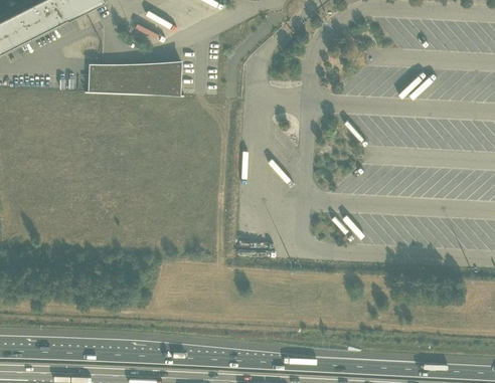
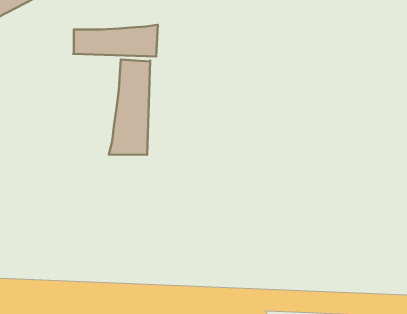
building: none -> [109,60,150,155]

